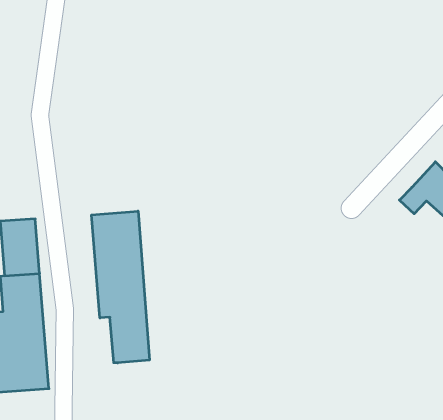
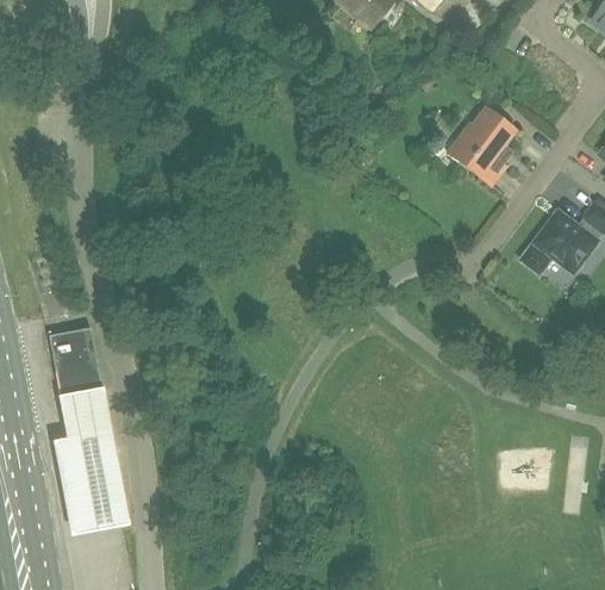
building: none -> [449,106,516,184]
building: [92,211,149,363] -> none

